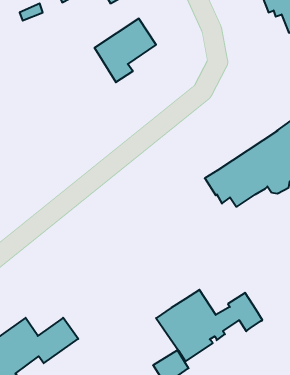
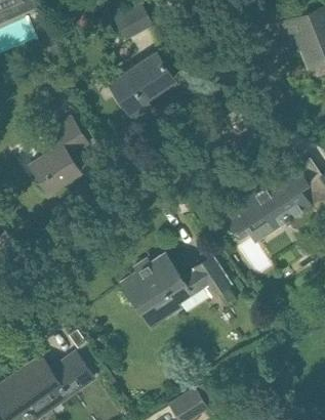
building: none -> [30,118,87,192]
building: [156,290,262,362] -> [121,254,229,327]

